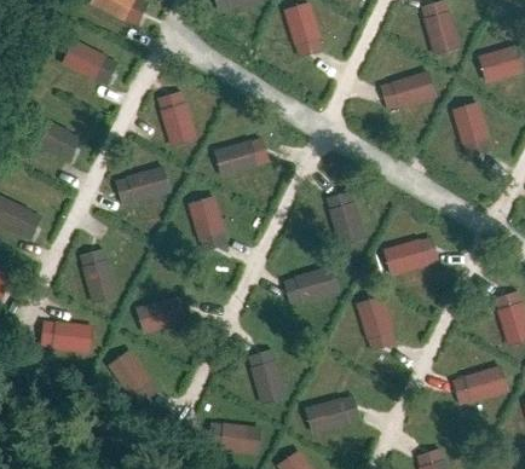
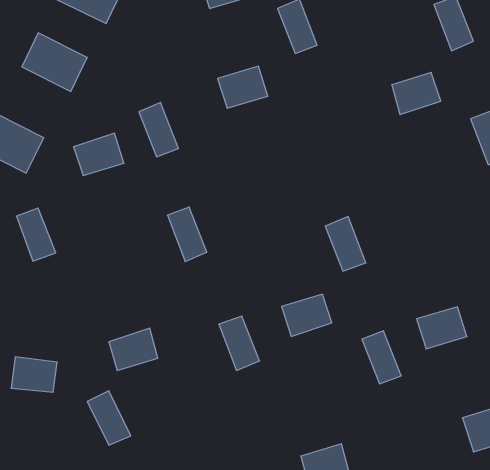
building: [212,138,256,175] -> [218,66,268,108]
building: [126,167,171,204] -> [74,133,124,176]
building: [383,239,428,277] -> [417,307,467,349]
building: [83,259,119,306] -> [16,208,56,261]
building: [253,358,289,406] -> [219,316,260,370]

